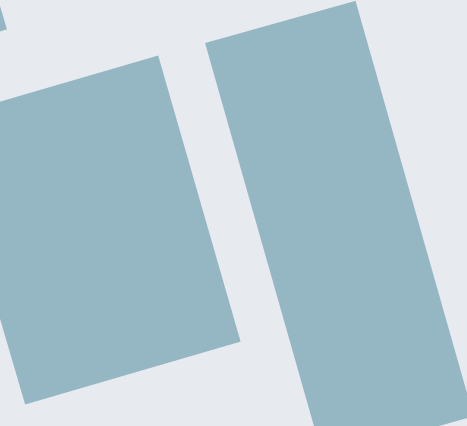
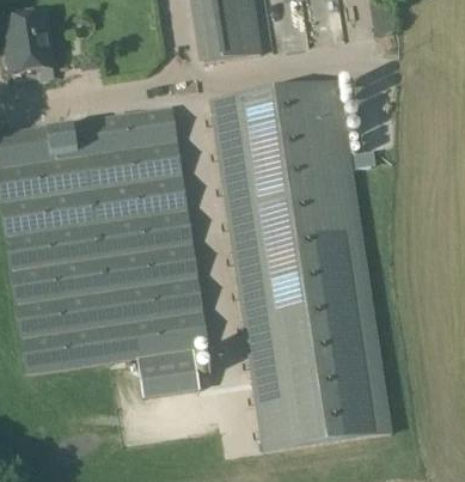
building: none -> [136,349,198,398]

